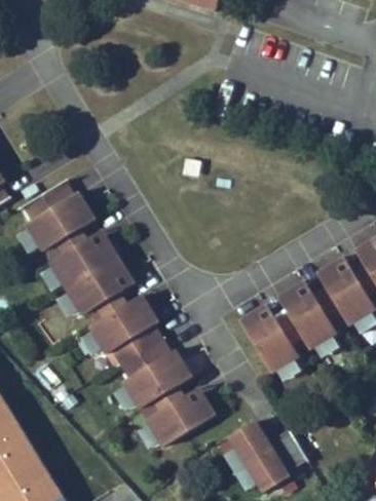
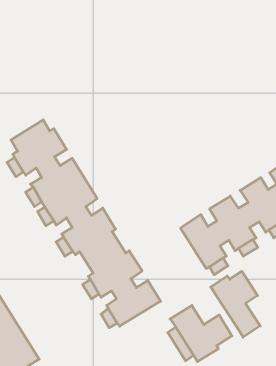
building: none -> [211,271,260,337]

